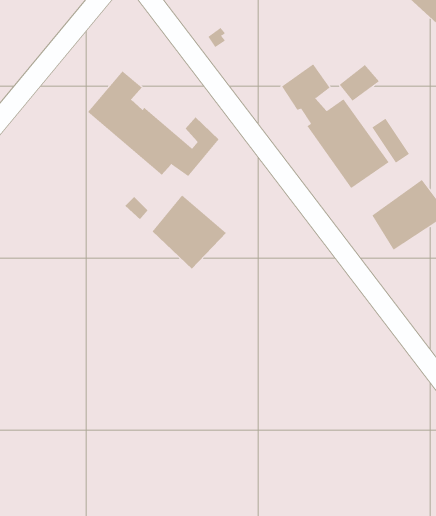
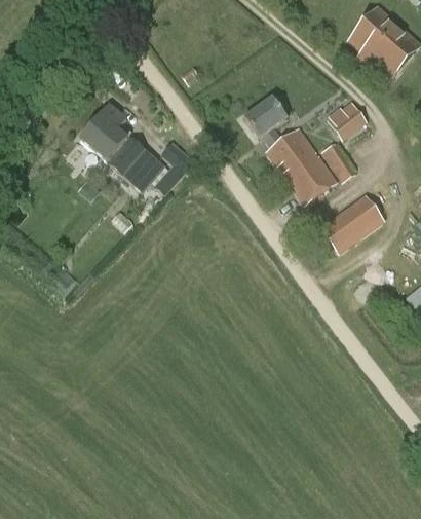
building: [339,64,380,102] -> [332,107,367,139]
building: [152,195,227,270] -> none

